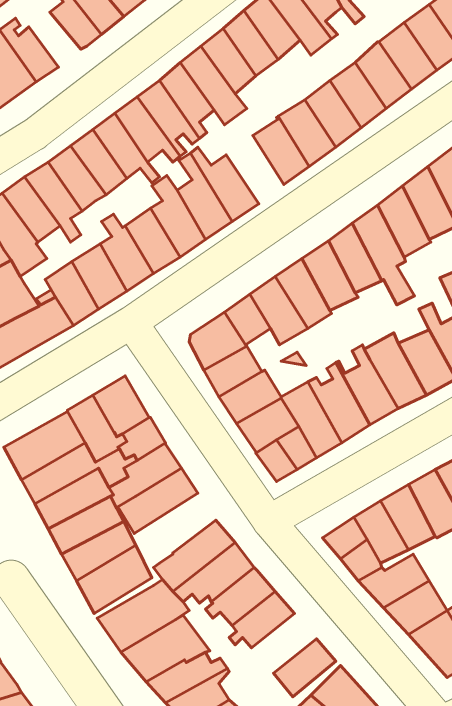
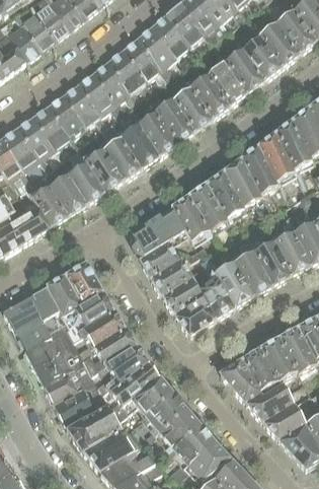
building: none -> [15,12,56,51]
building: none -> [155,97,194,144]
building: none -> [92,342,148,393]
building: none -> [164,424,217,478]

